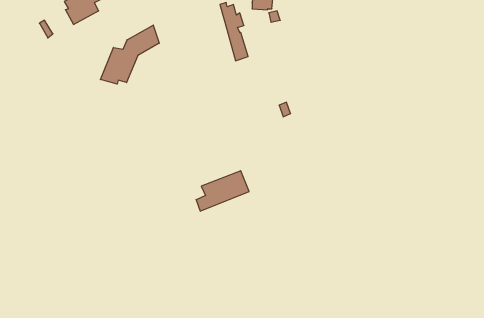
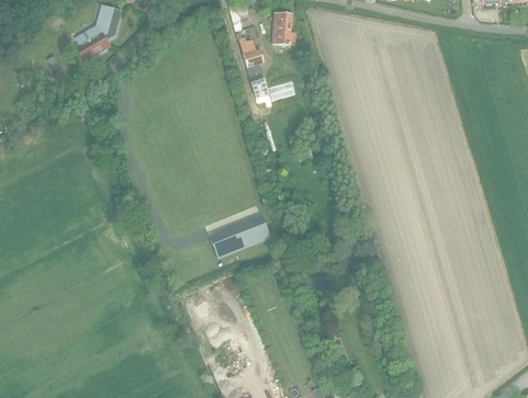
building: [100,25,159,84] -> none

